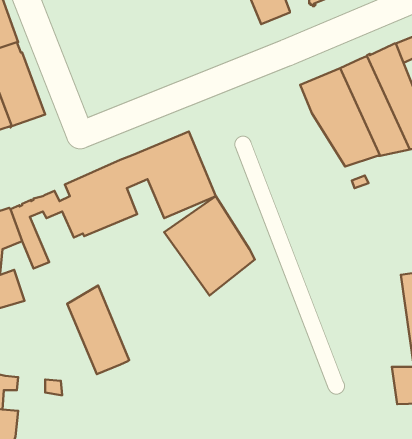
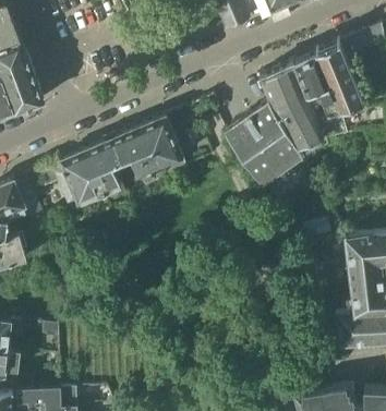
building: [164,196,255,296] -> [225,101,301,185]
building: [67,286,129,374] -> none

